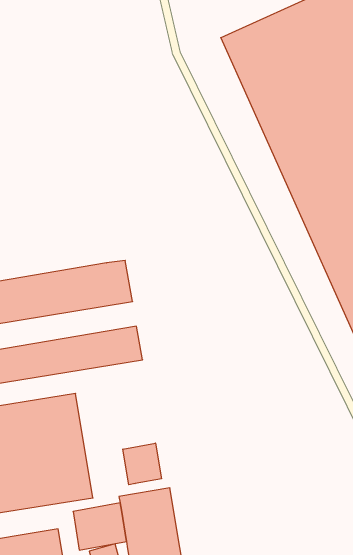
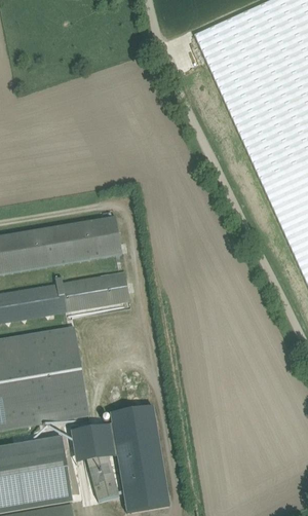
building: [123,443,161,485] -> none

